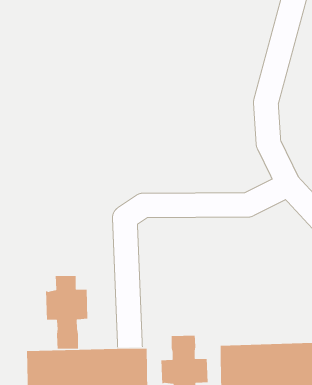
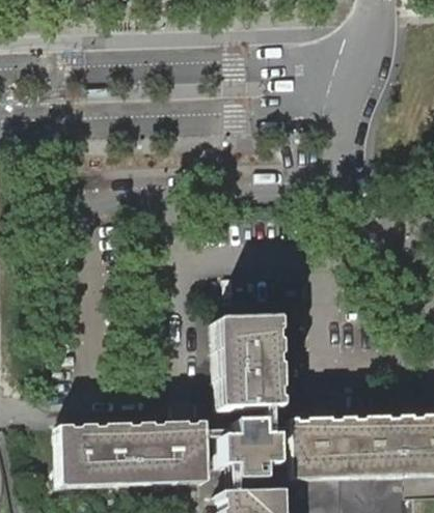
building: none -> [224,319,282,407]
building: [45,275,88,350] -> none

